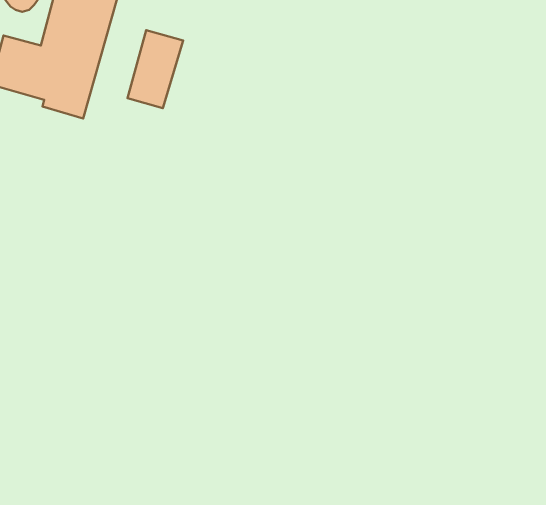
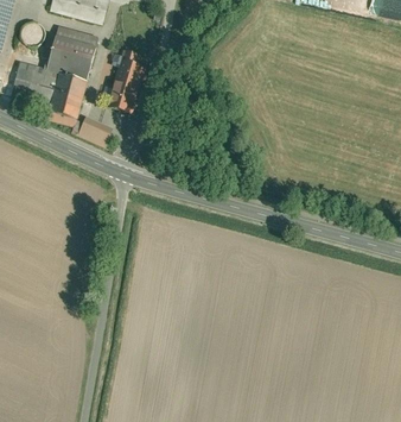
building: none -> [77,114,113,145]

